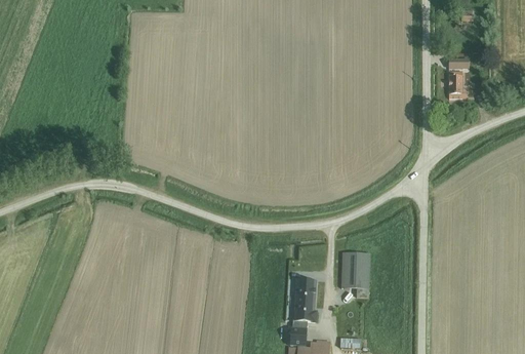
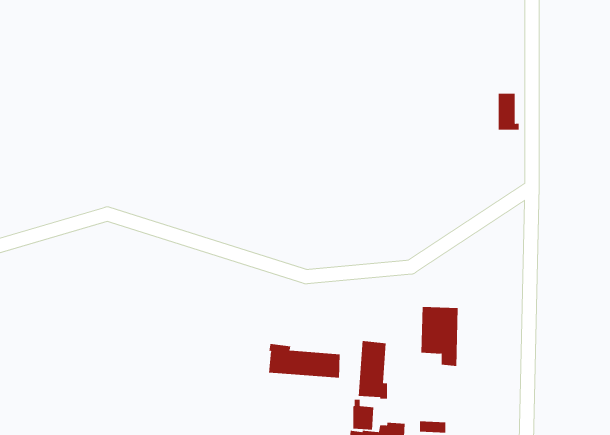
building: [449,70,466,97] -> [498,93,519,130]
building: none -> [269,343,340,378]

